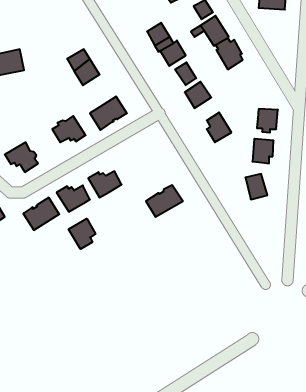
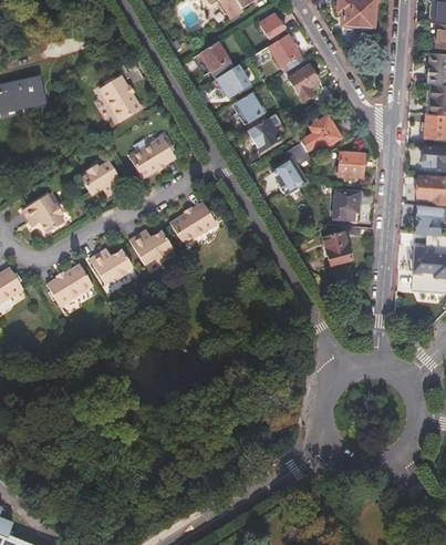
building: none -> [299,115,341,152]
building: [146,185,183,217] -> [167,203,214,243]
building: [69,219,95,249] -> none

